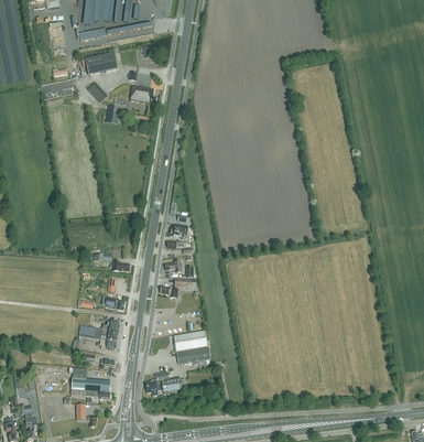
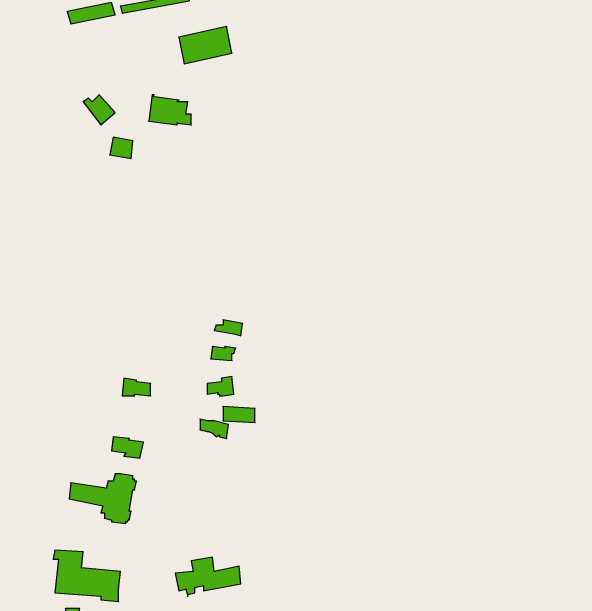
building: [84,52,117,75] -> [179,26,232,64]
building: [174,330,211,364] -> none

